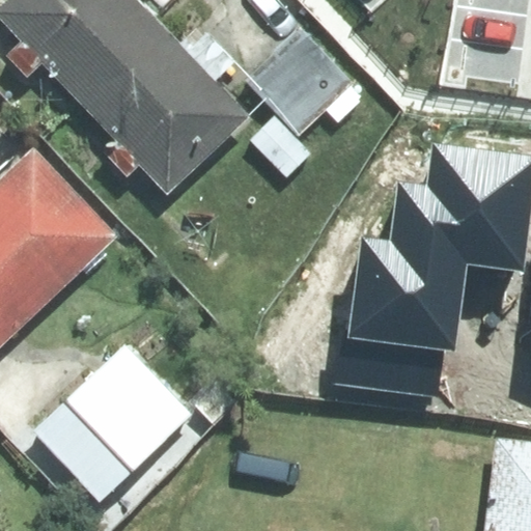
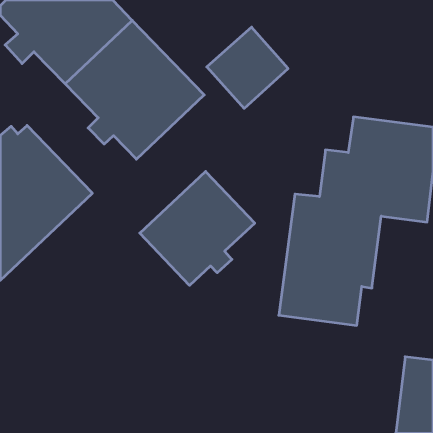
building: none -> [140,171,255,285]
building: [35,346,189,498] -> none

